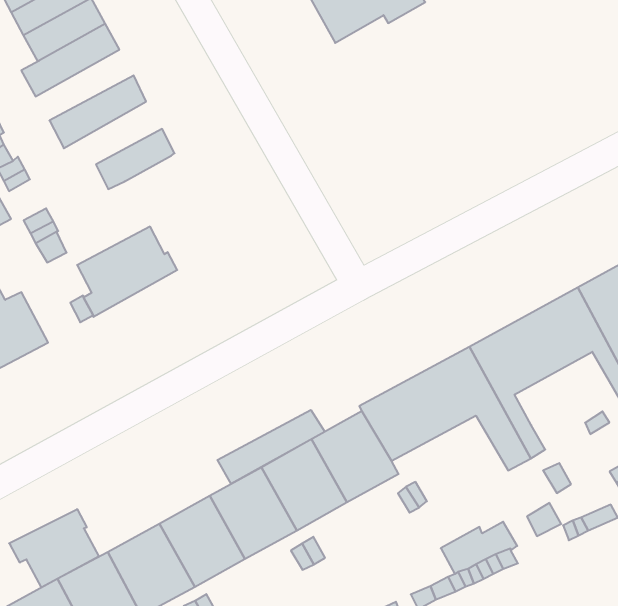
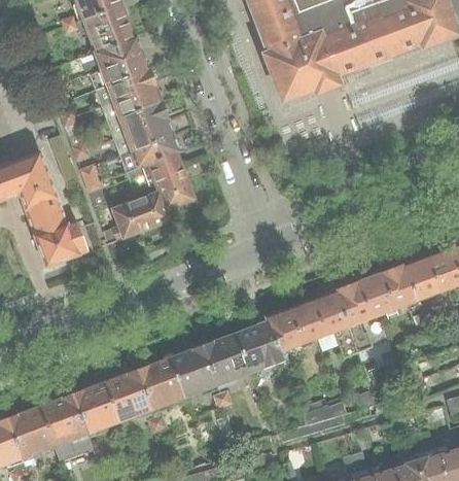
building: none -> [101,85,161,122]
building: none -> [113,118,173,156]
building: none -> [146,152,193,210]
building: [217,410,325,484] -> none
building: [9,509,99,587] -> none

